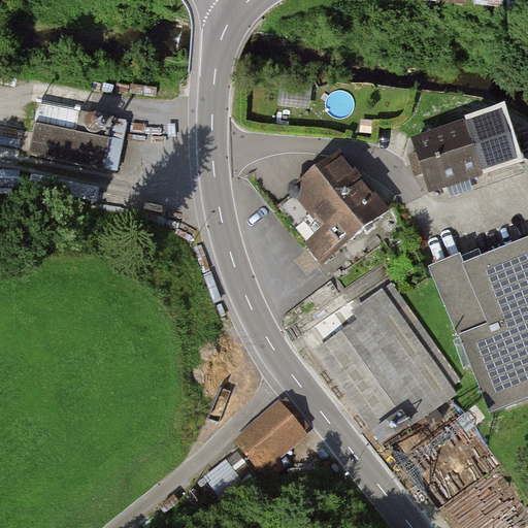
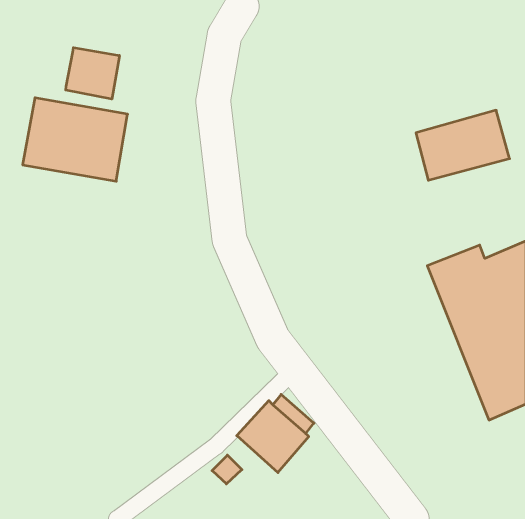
building: none -> [66,48,119,99]
building: [293,150,385,258] -> none
building: [312,285,461,442] -> none

